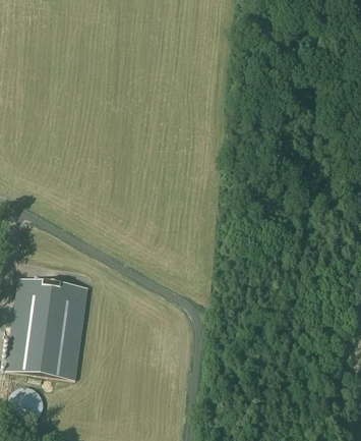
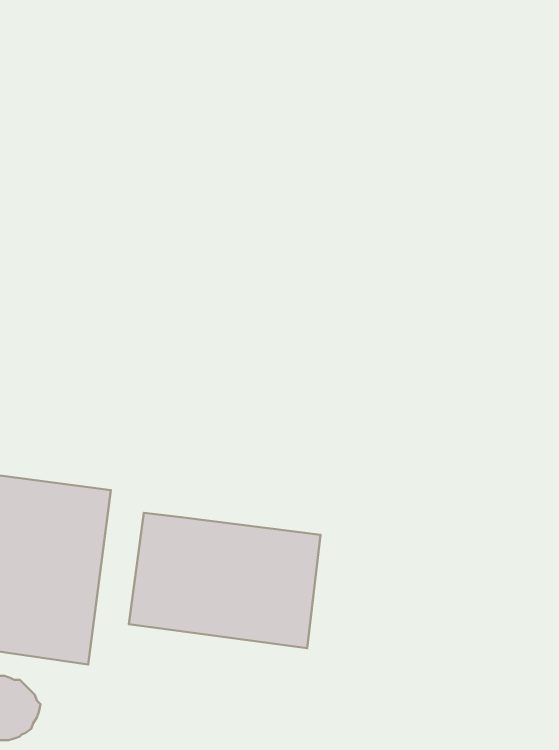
building: none -> [129,513,320,648]

